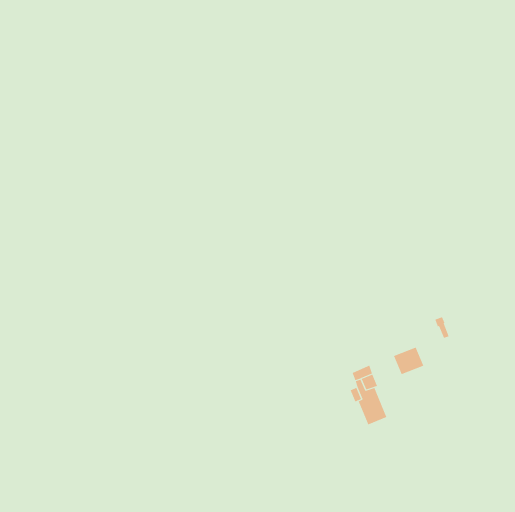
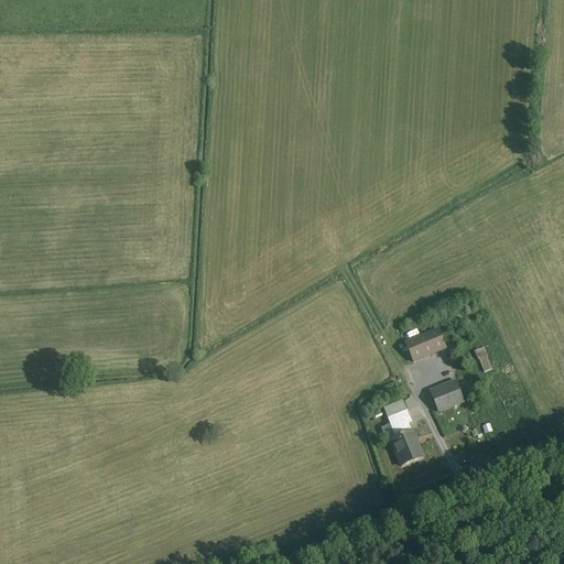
building: none -> [405,327,446,360]

